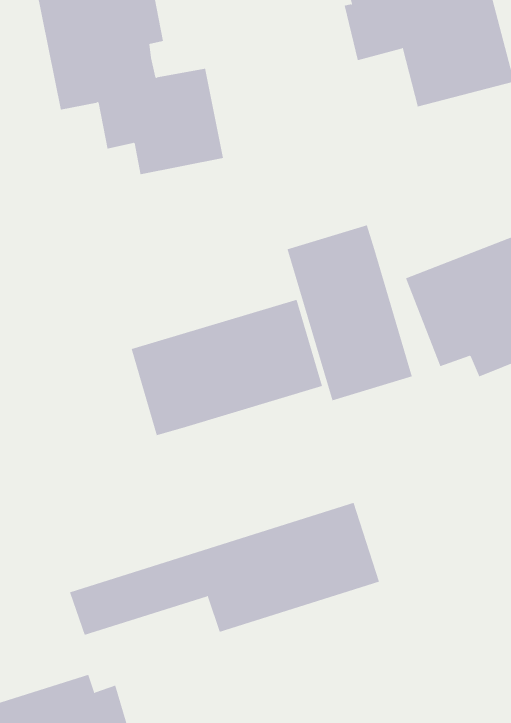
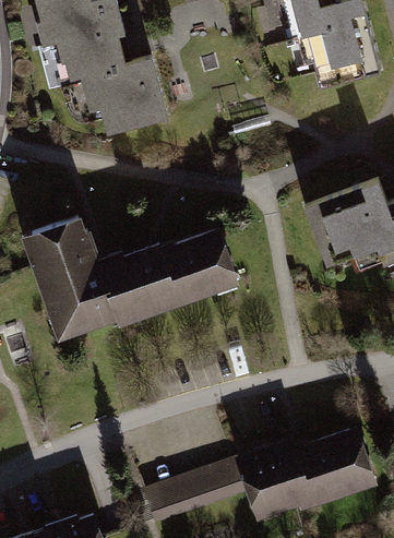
building: [287,225,412,401] -> none
building: none -> [15,213,119,344]
building: [69,502,380,636] -> [146,423,372,521]

